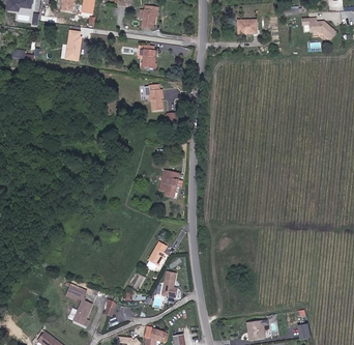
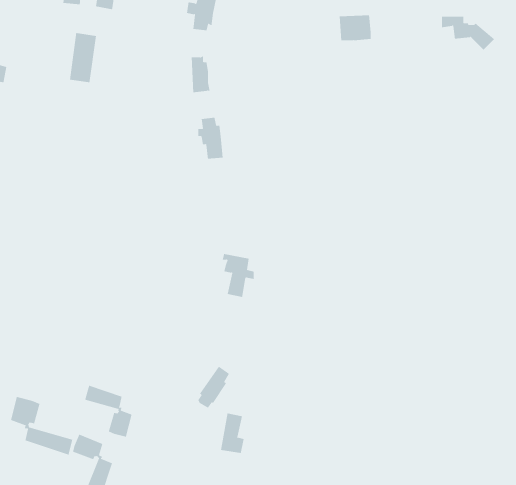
building: none -> [85,385,132,437]
building: none -> [11,396,73,455]

